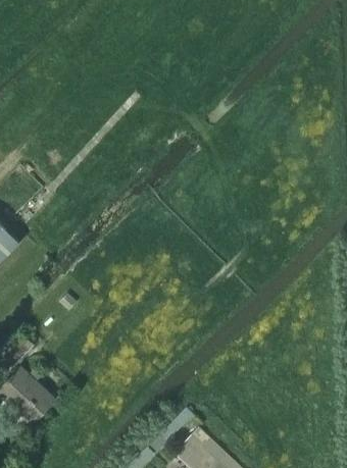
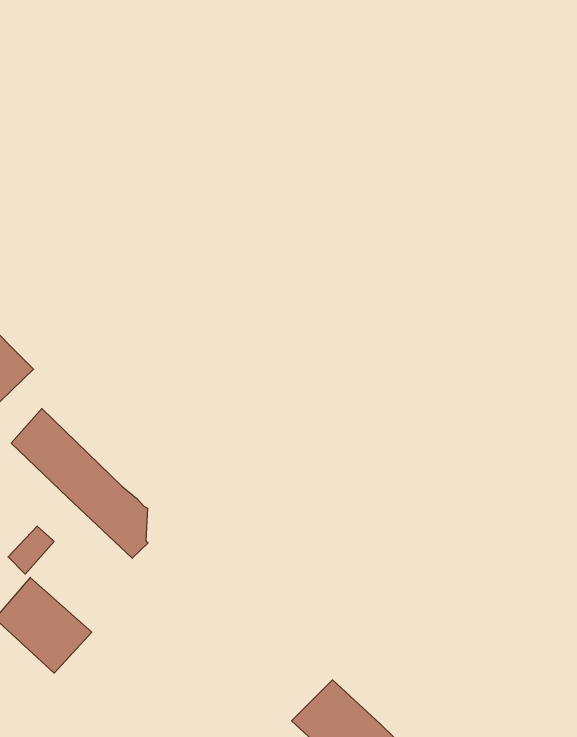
building: none -> [11,409,148,558]

